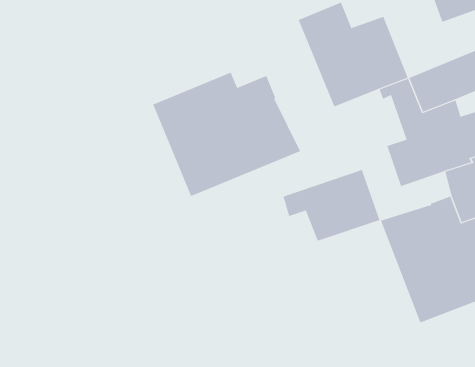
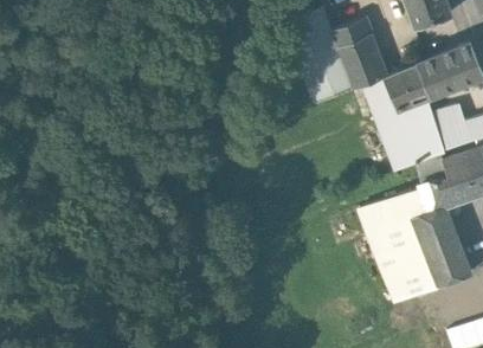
building: [152,72,301,197] -> none
building: [283,169,380,242] -> none

